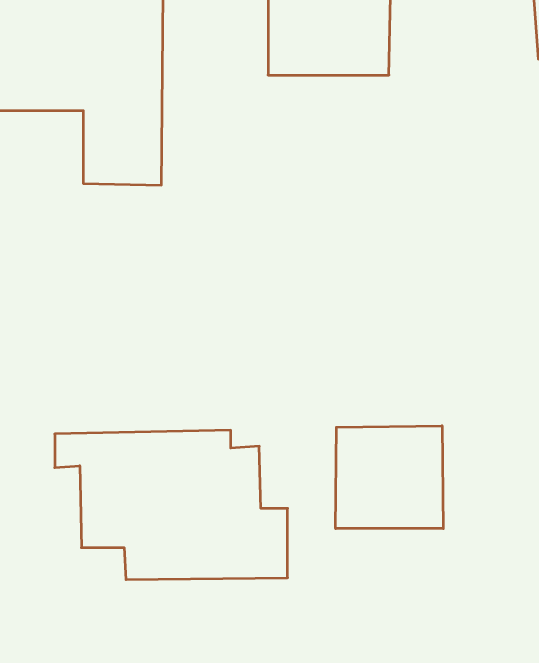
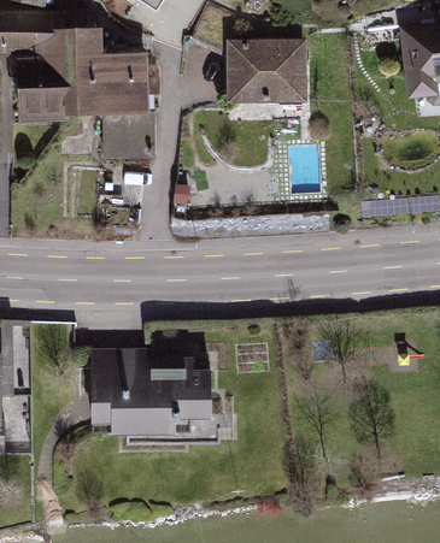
building: [336,426,443,529] -> none

